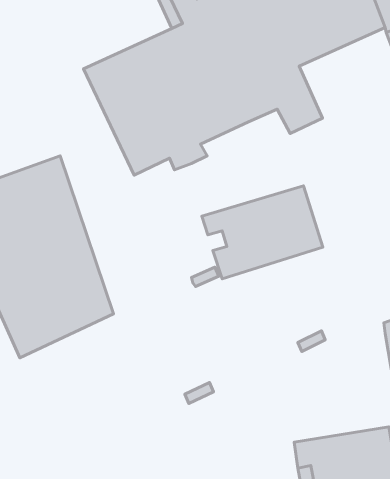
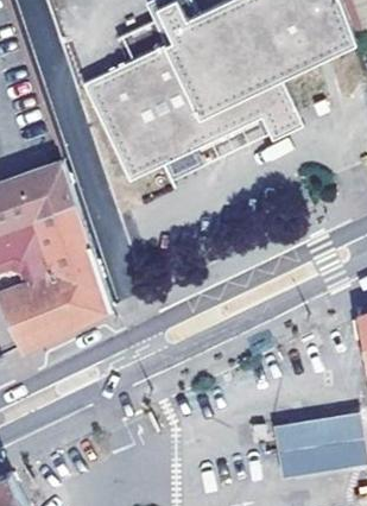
building: [202,186,323,279] -> none

